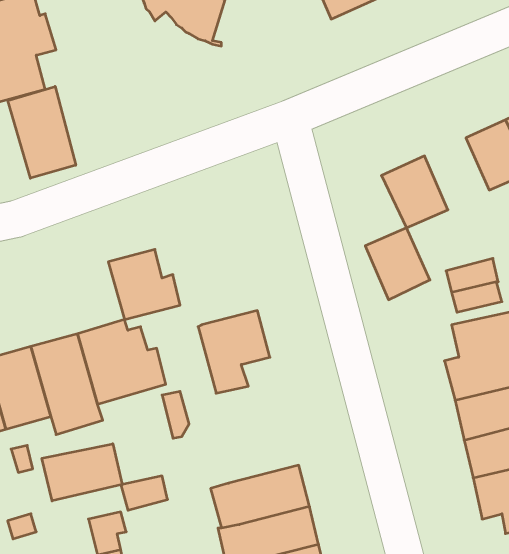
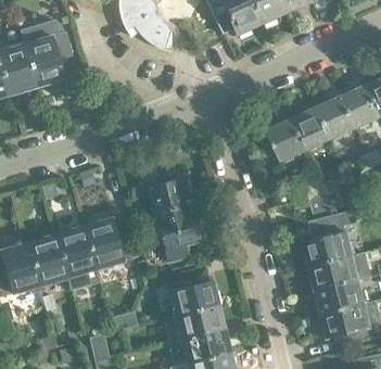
building: [8,86,76,178] -> none
building: [365,228,430,300] -> [293,107,332,151]
building: [108,249,180,320] -> [149,178,192,220]
building: none -> [165,276,217,316]
building: [42,444,122,501] -> none

